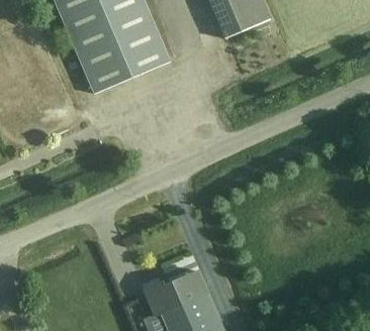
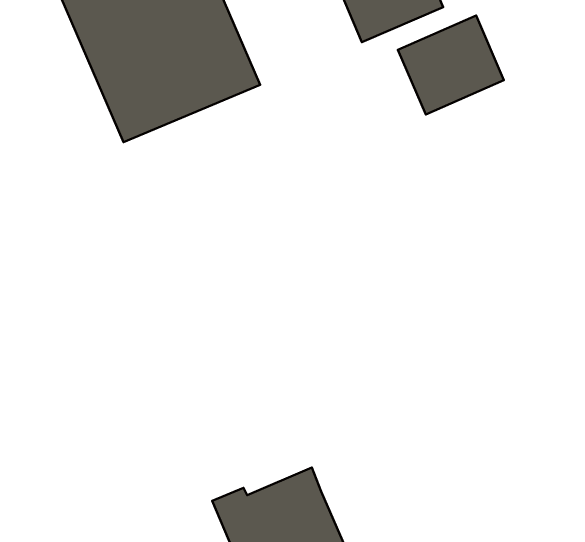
building: none -> [398,16,504,115]

